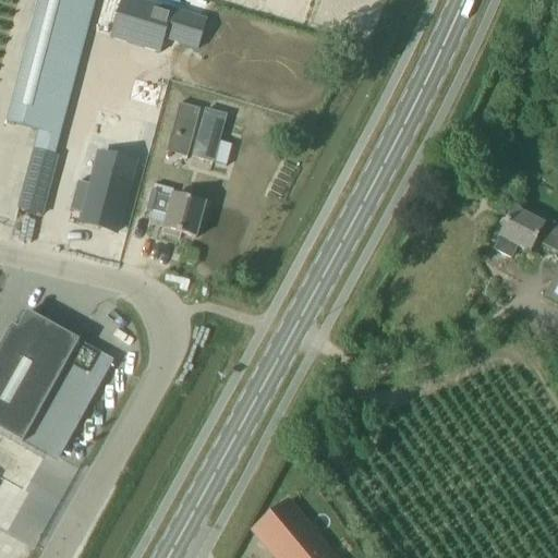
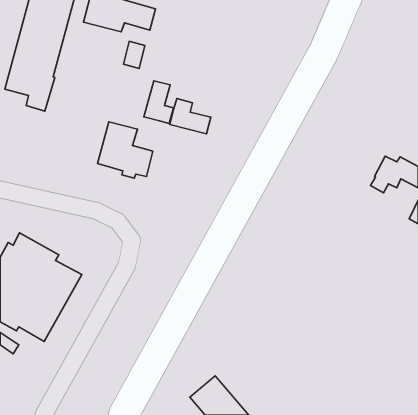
building: [172,101,201,137] -> [124,41,145,68]
building: none -> [170,99,211,134]
building: [17,141,60,211] -> none
building: [70,153,135,230] -> none

